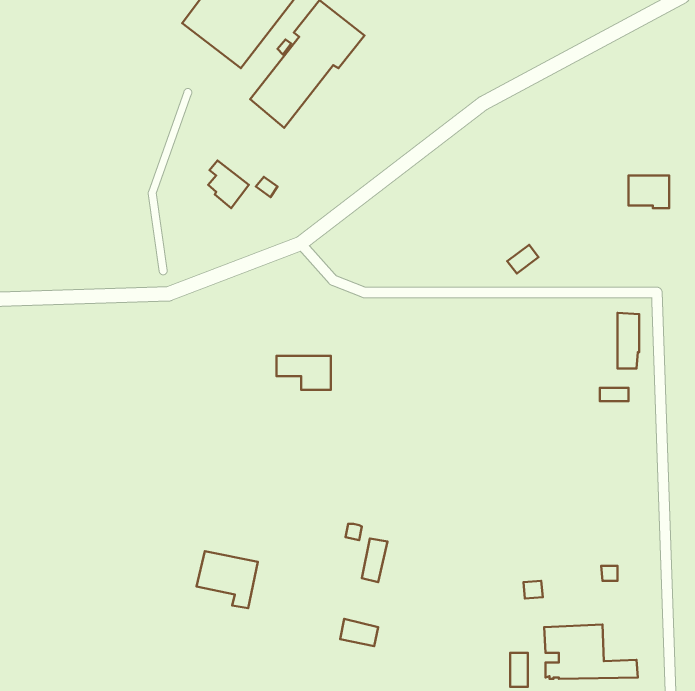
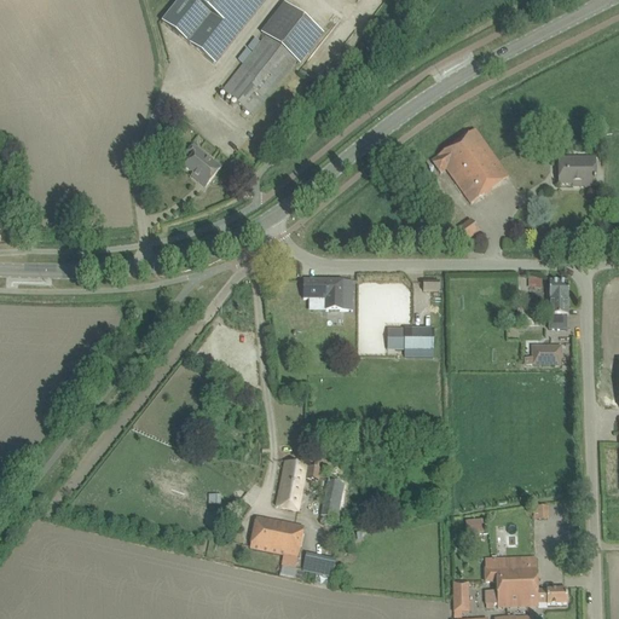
building: none -> [432,128,508,202]
building: [277,356,331,390] -> [303,278,352,308]
building: none -> [397,326,434,348]
building: none -> [277,461,307,509]
building: [197,551,258,608] -> [249,515,303,566]

